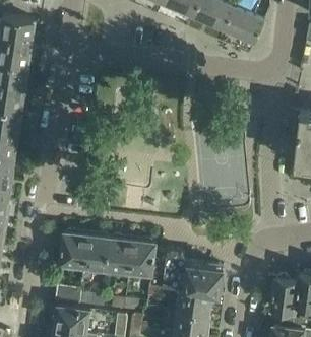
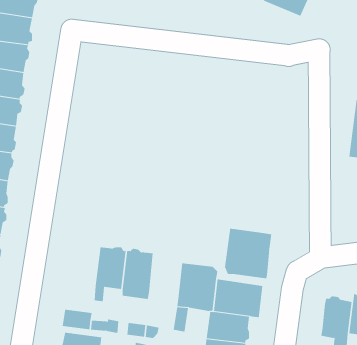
building: none -> [224,228,272,279]
building: [60,230,87,267] -> none
building: [129,240,157,275] -> none

